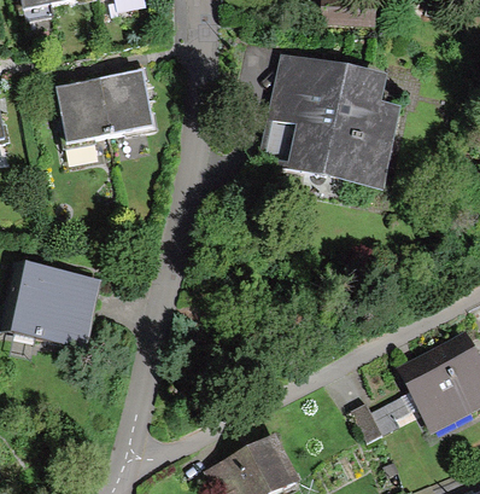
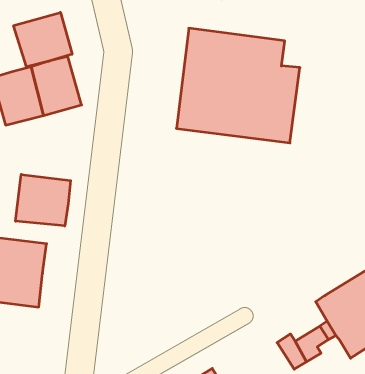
building: none -> [14,12,72,67]
building: none -> [16,174,71,226]

